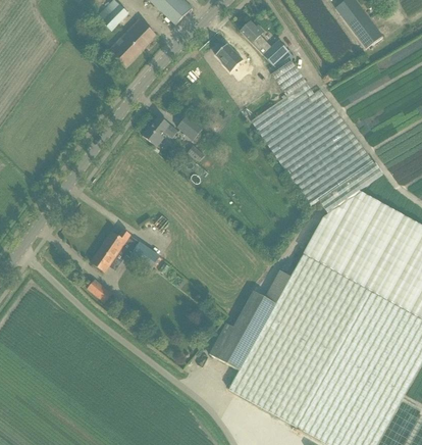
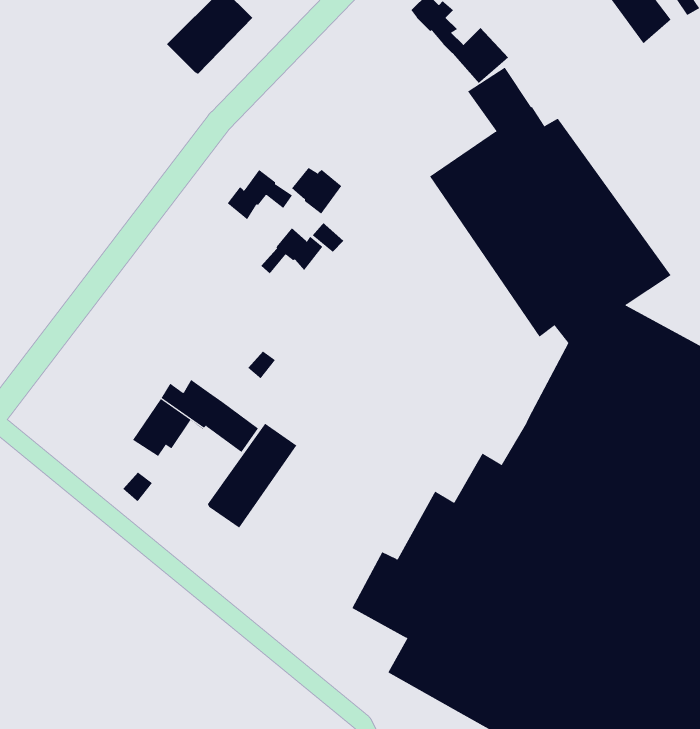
building: [216,44,244,71] -> none
building: none -> [261,228,323,274]
building: none -> [207,423,297,529]

